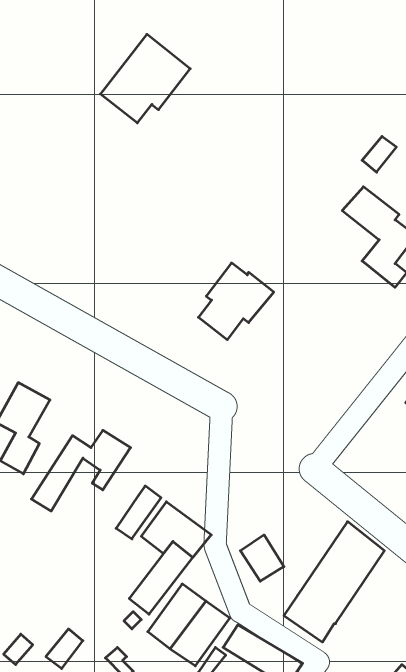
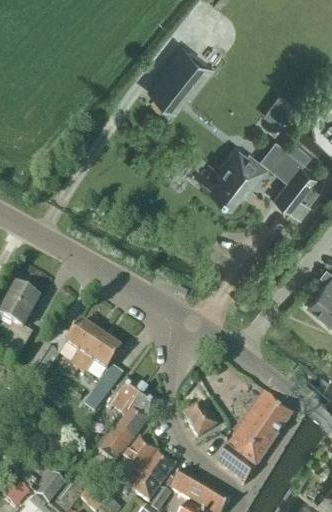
building: [100,34,190,123] -> [148,45,216,112]
building: [198,263,274,340] -> [211,147,268,205]
building: none -> [79,339,121,377]

